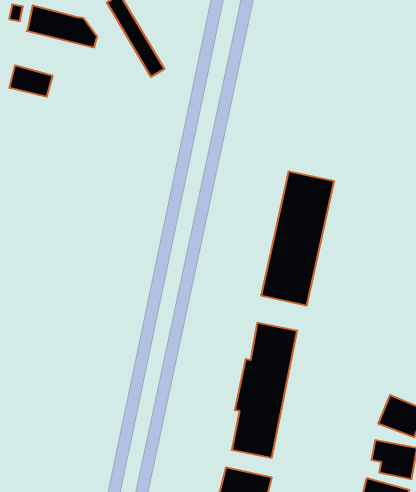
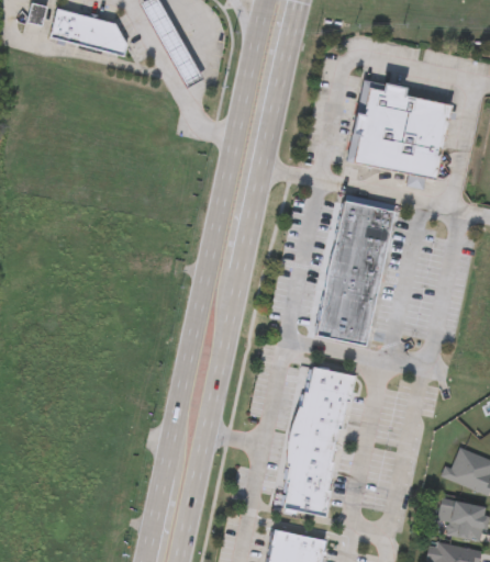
building: [9,65,52,97] -> none
building: none -> [345,77,450,179]

